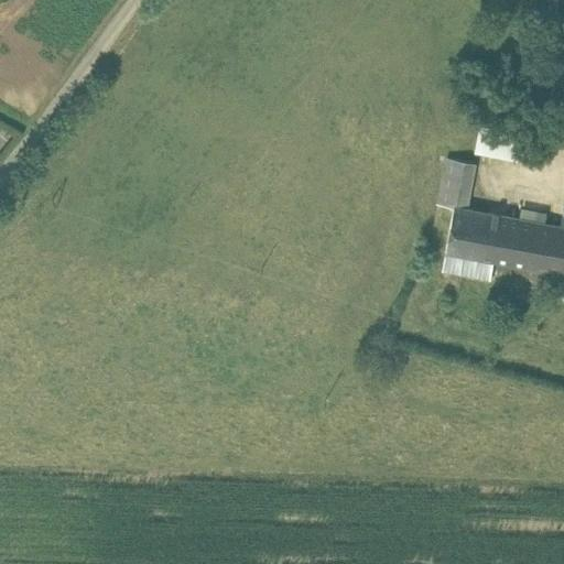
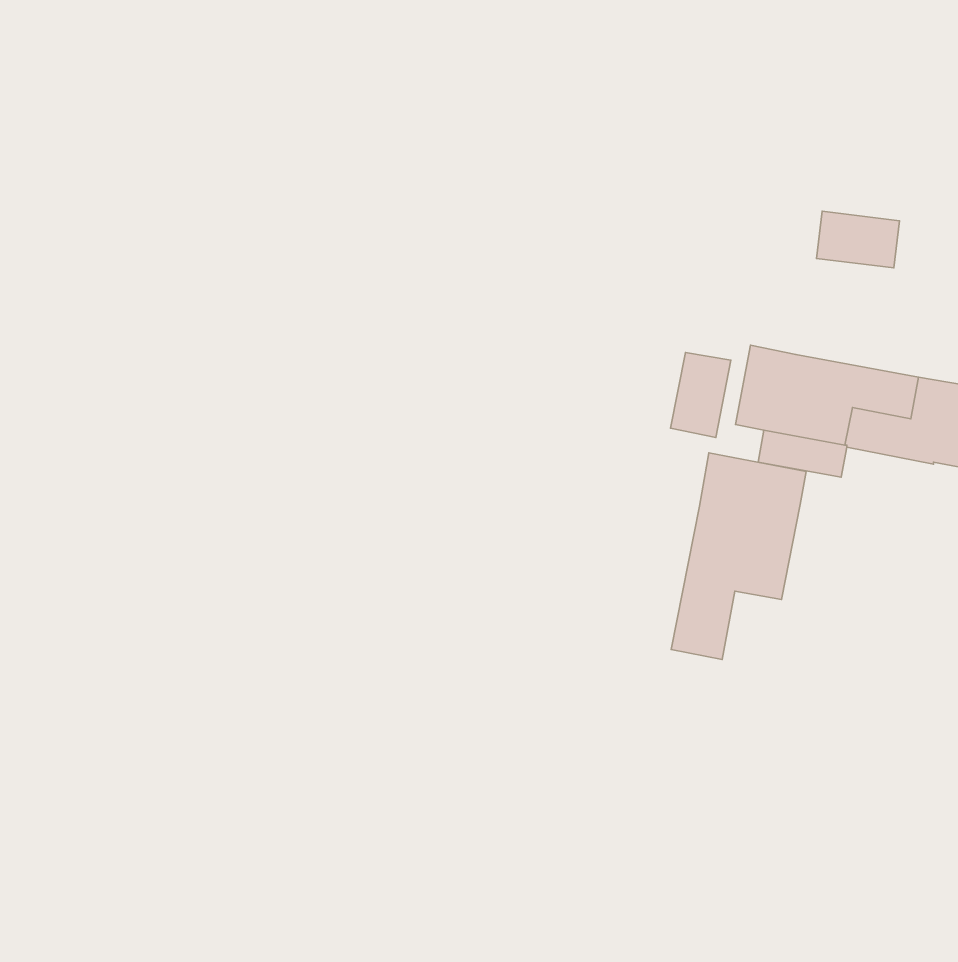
building: [442,159,477,208] -> [671,353,731,437]
building: none -> [671,453,806,660]

